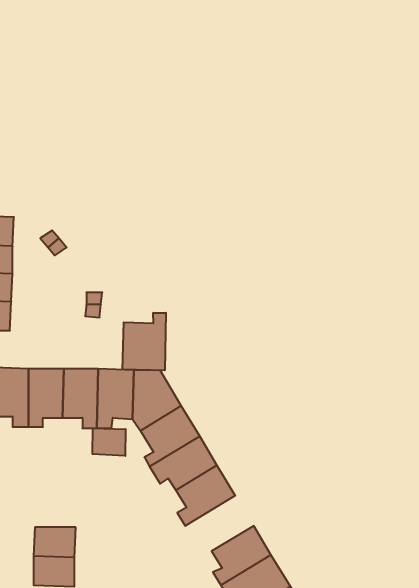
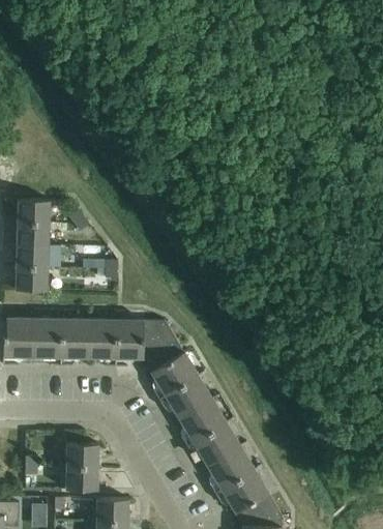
building: [123,313,166,370] -> none
building: [92,428,126,456] -> none
building: none -> [184,418,238,462]

